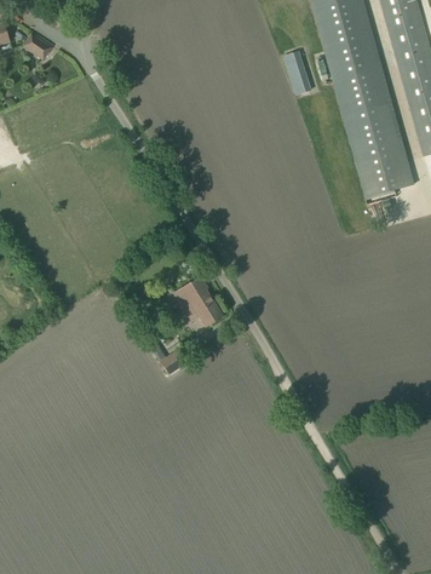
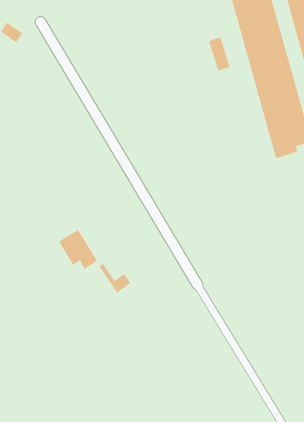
building: [172,275,222,326] -> [58,229,98,270]

